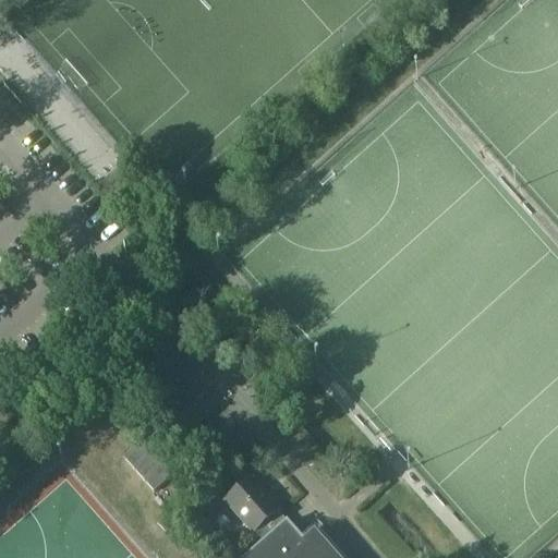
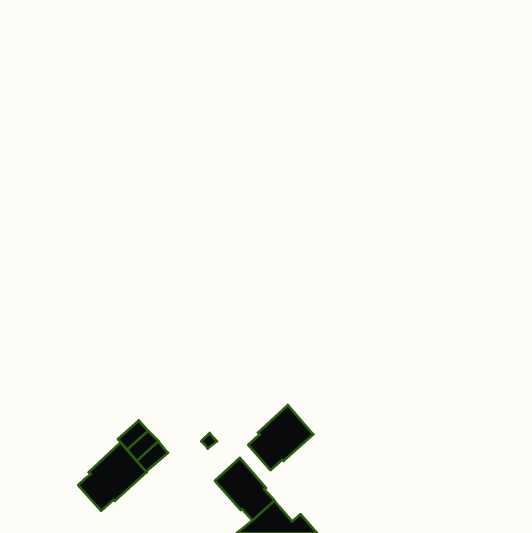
building: none -> [248,405,313,470]
building: none -> [78,443,147,511]

